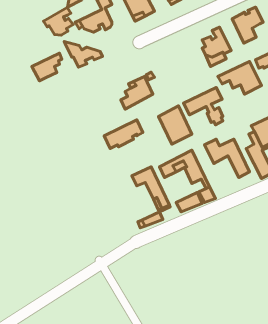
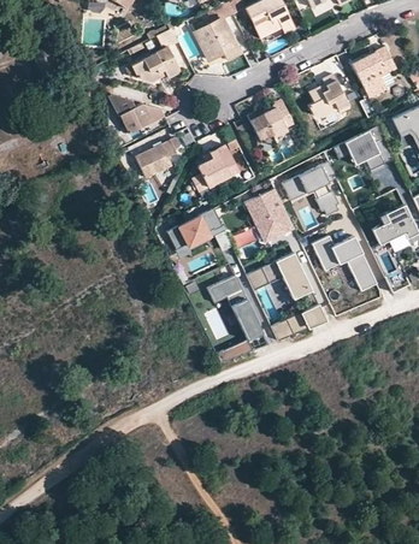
building: [43,7,73,35] -> none
building: none -> [247,97,293,138]
building: [32,53,62,81] -> [136,140,179,179]

